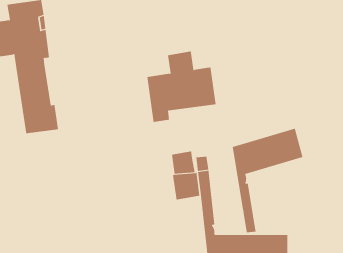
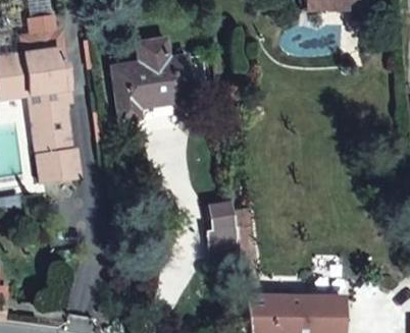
building: [146,51,217,123] -> [111,38,191,119]
building: [232,128,303,233] -> none

